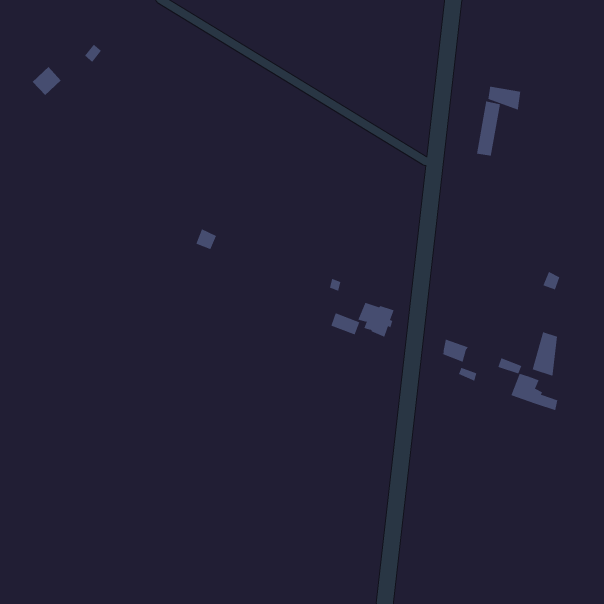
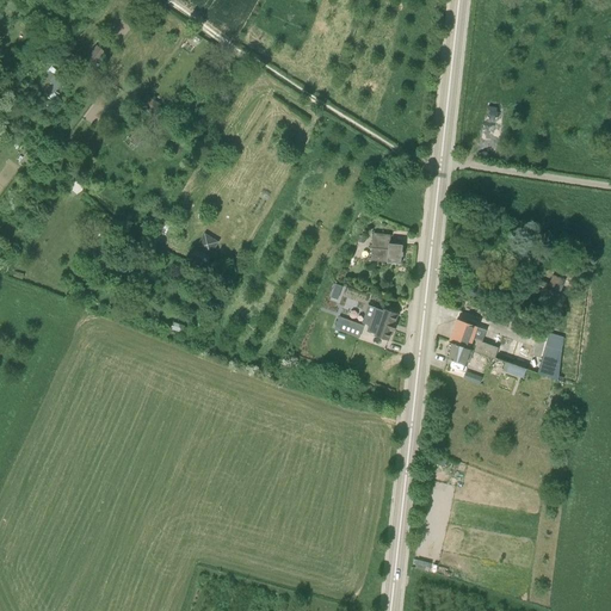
building: [488,86,521,110] -> none
building: none -> [369,232,402,263]
building: [511,373,558,411] -> [449,319,496,357]

